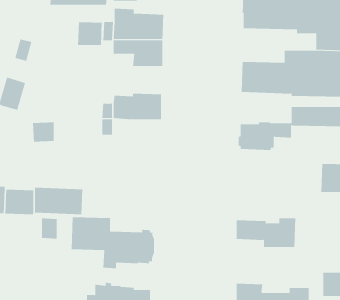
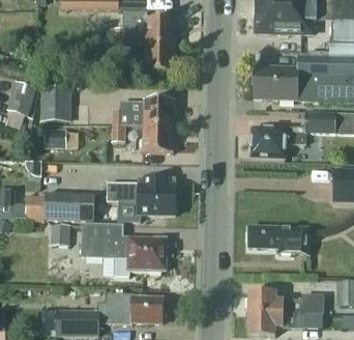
building: [78,21,102,46] -> none
building: none -> [40,87,65,120]
building: none -> [142,124,173,151]
building: none -> [106,176,175,222]

